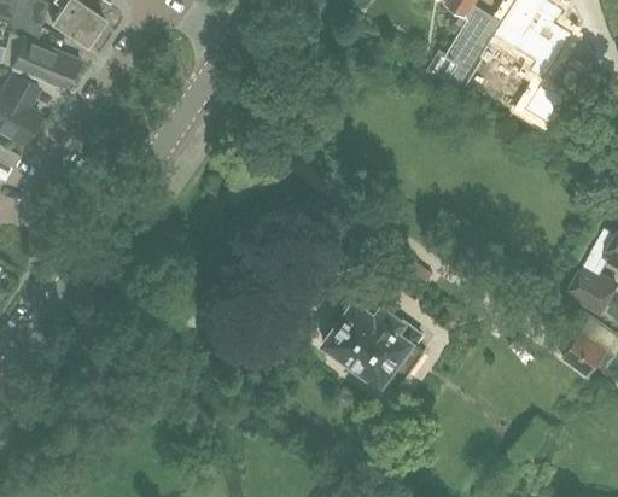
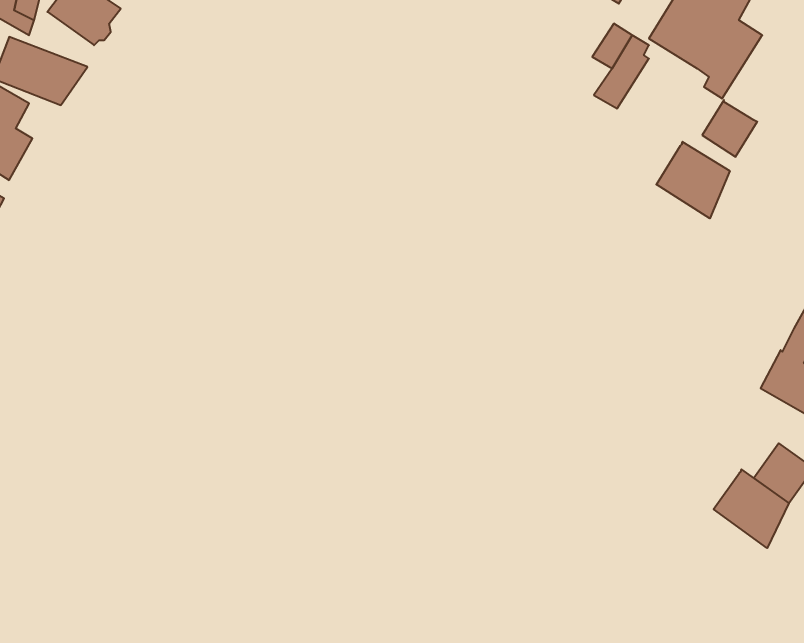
building: none -> [656,142,730,218]
building: [326,300,424,380] -> none
building: none -> [714,469,789,548]

